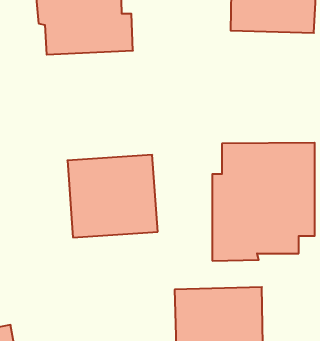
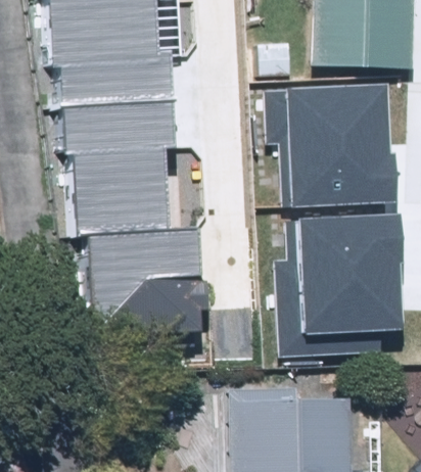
building: none -> [262,83,404,202]
building: none -> [64,96,179,227]

